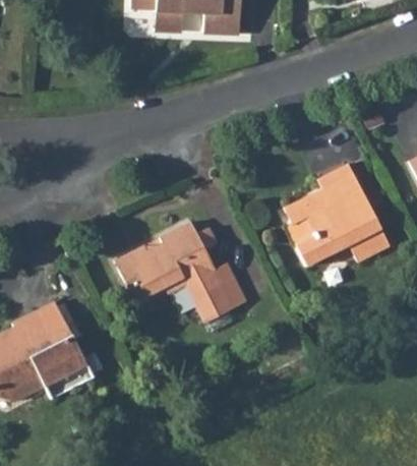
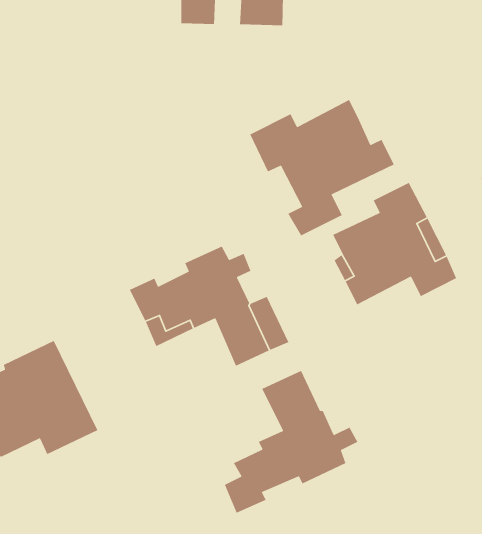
building: none -> [249,99,395,237]
building: none -> [224,370,358,514]

